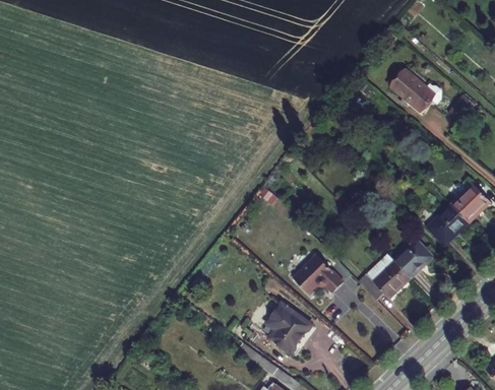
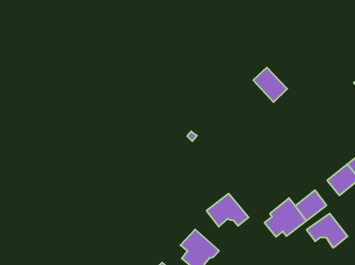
building: [391,71,432,111] -> [253,68,287,102]
building: none -> [307,214,348,248]

